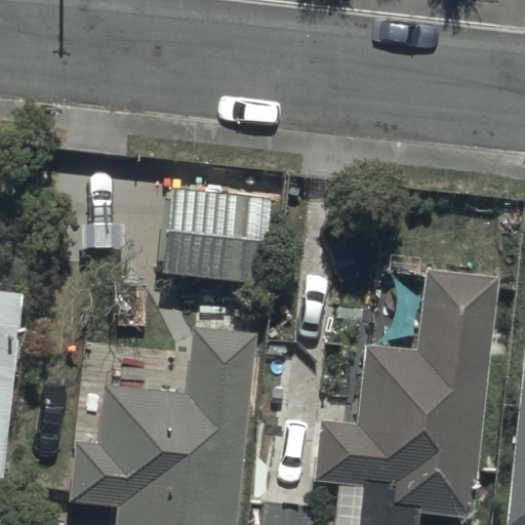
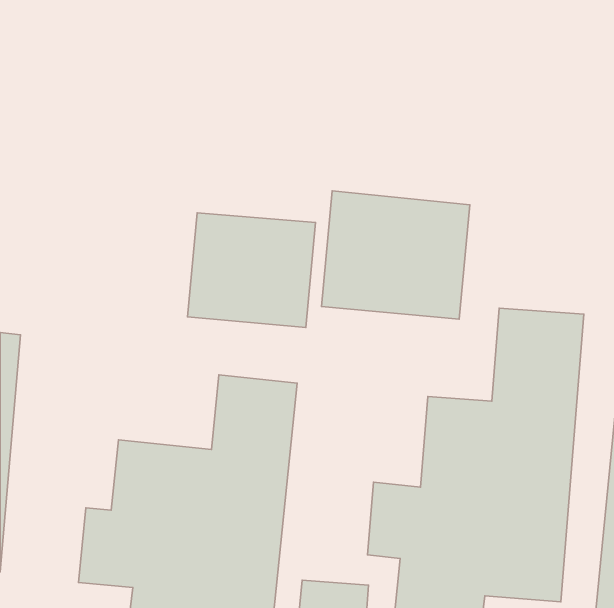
building: none -> [321,191,470,319]

